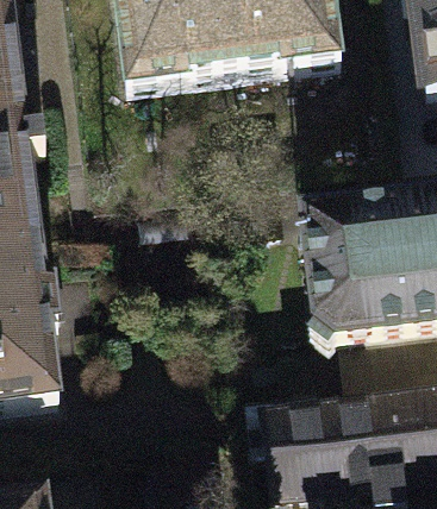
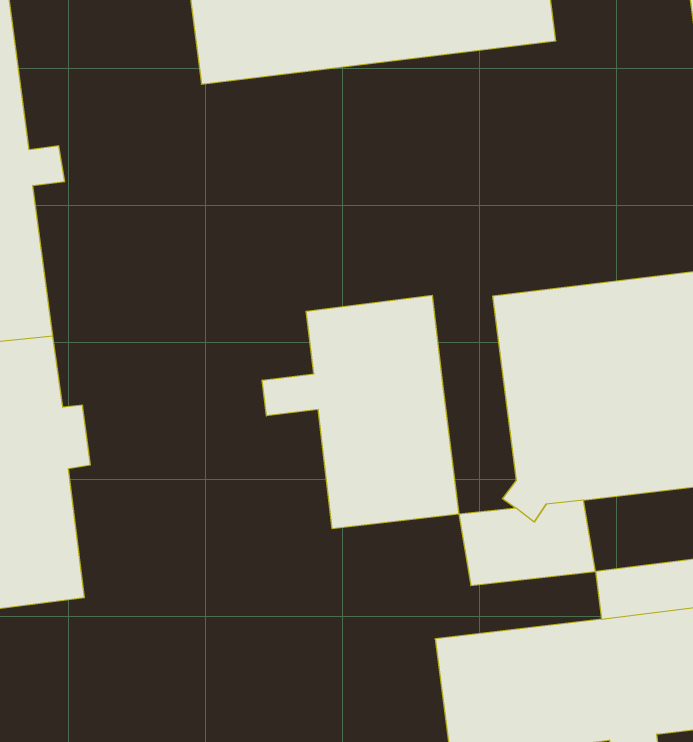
building: none -> [262,295,459,529]

